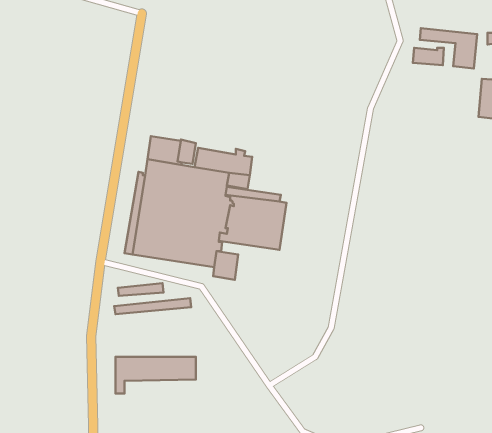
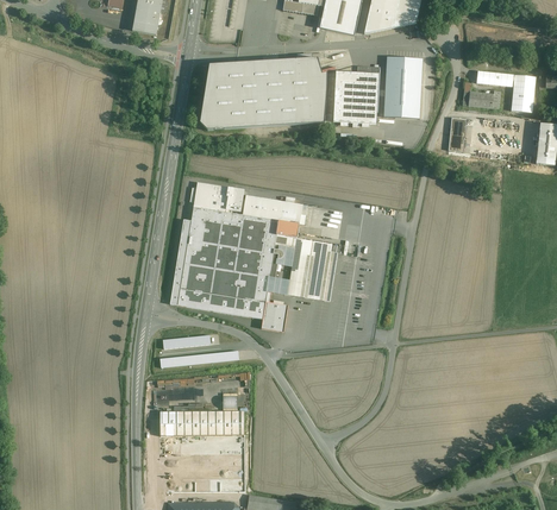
building: none -> [200,52,327,130]
building: none -> [383,56,423,118]
building: none -> [333,70,378,124]

